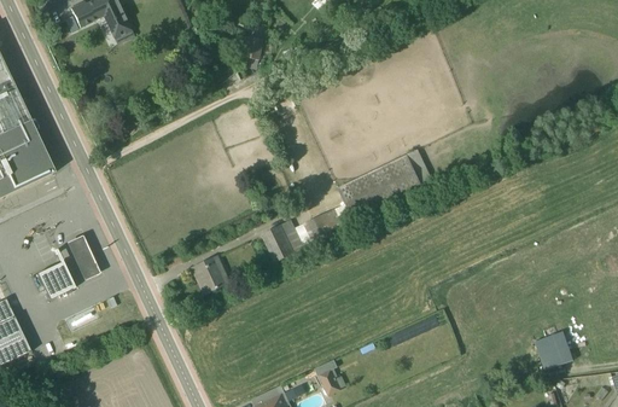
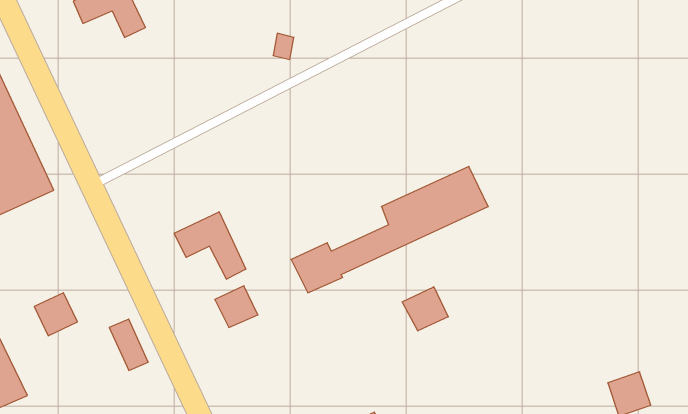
building: none -> [174,212,246,279]
building: [65,231,99,275] -> [109,319,148,370]
building: none -> [402,287,448,331]

